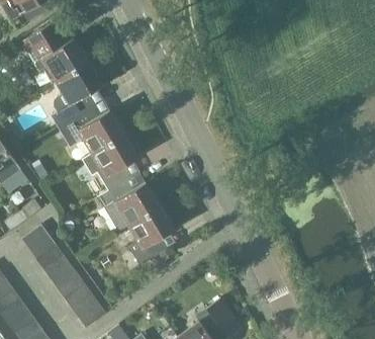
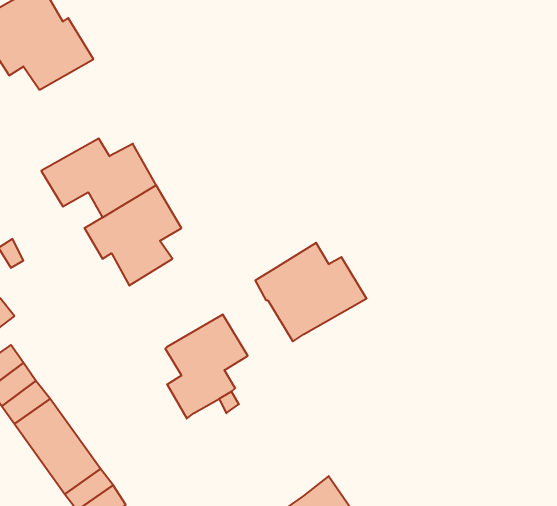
building: [53,63,102,125] -> none
building: [98,175,161,231] -> [255,243,367,341]

